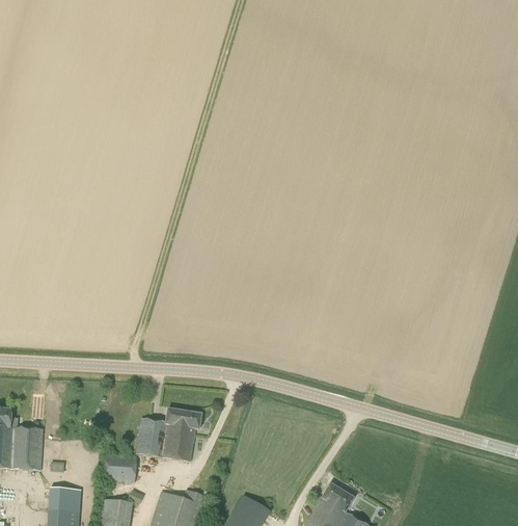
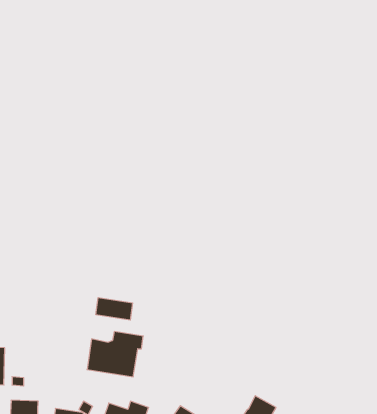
building: none -> [96,298,132,320]
building: [105,455,137,482] -> none

